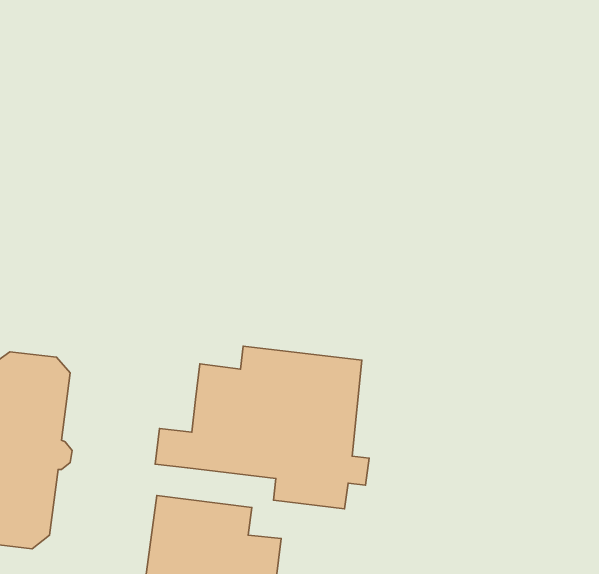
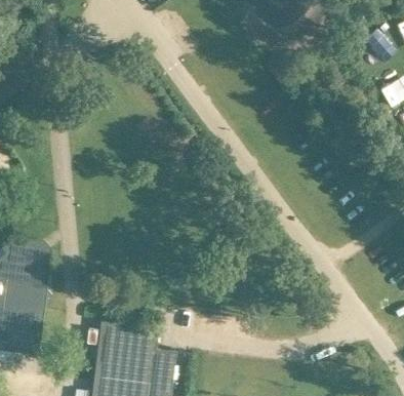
building: [155,346,369,509] -> none

